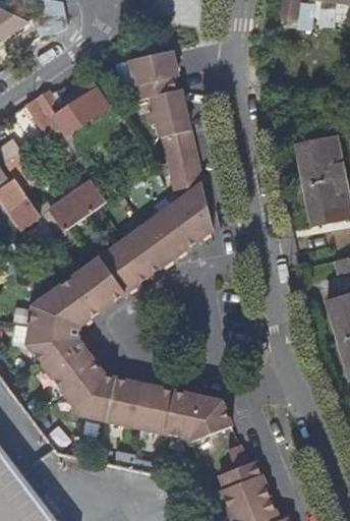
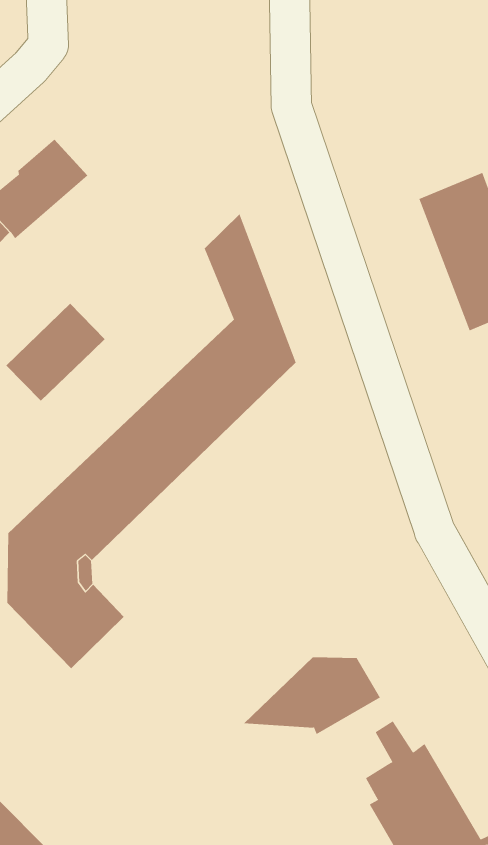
building: [128,52,191,158] -> none
building: [59,361,197,431] -> none

